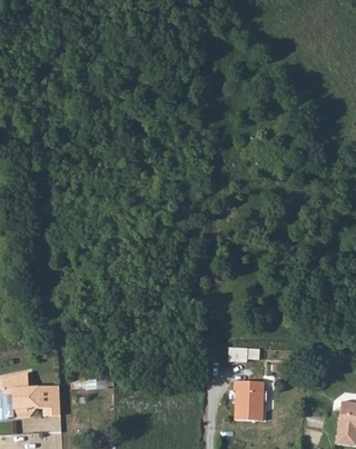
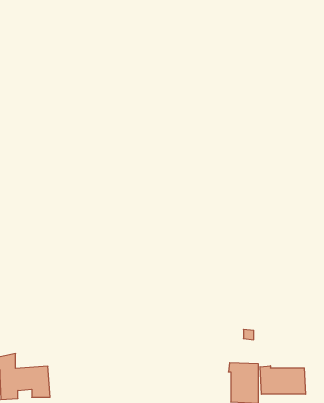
building: none -> [260,366,306,394]

